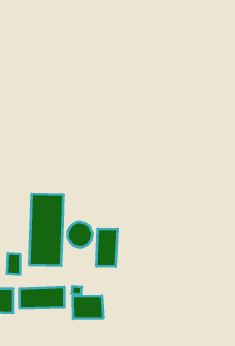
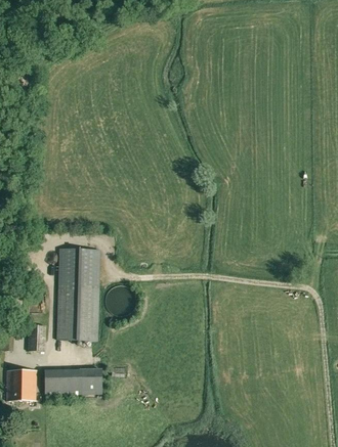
building: [97,229,118,267] -> none
building: [73,296,103,319] -> none

